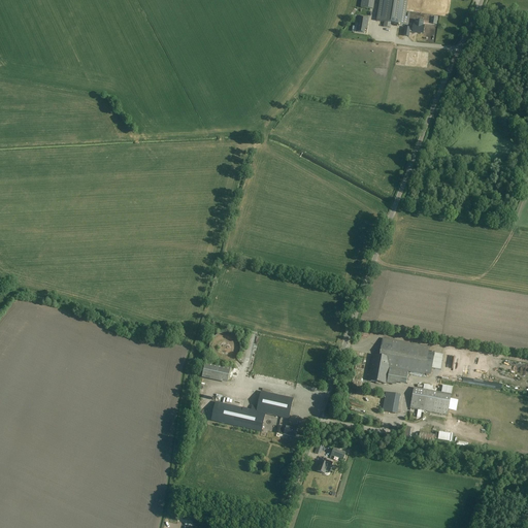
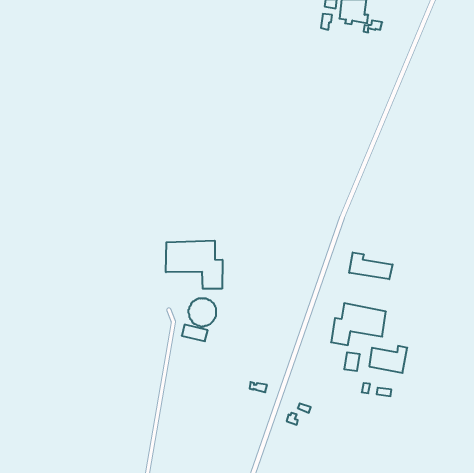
building: none -> [166,241,222,289]
building: none -> [349,252,393,279]
building: [211,391,294,431] -> none

